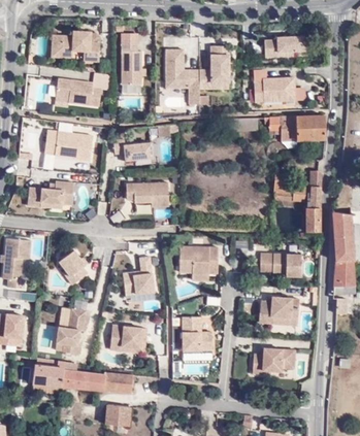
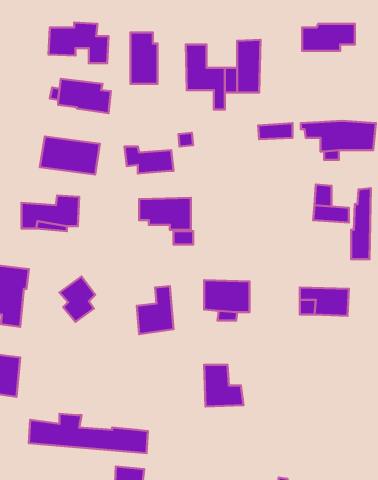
building: [256,79,297,103] -> none
building: [261,294,302,326] -> none
building: [57,306,90,354] -> none
building: [110,327,149,355] -> none
building: [255,350,297,381] -> none

